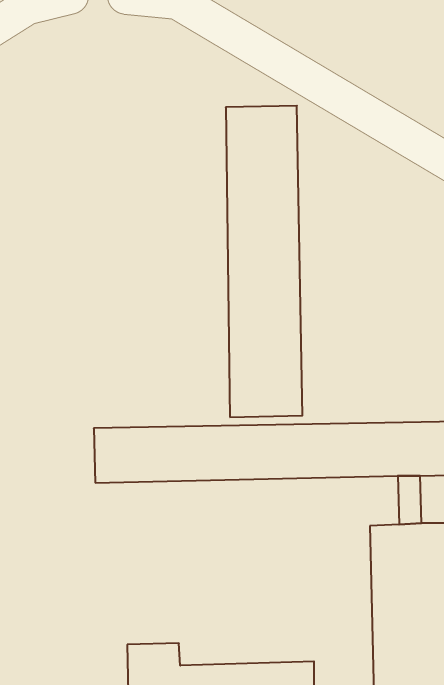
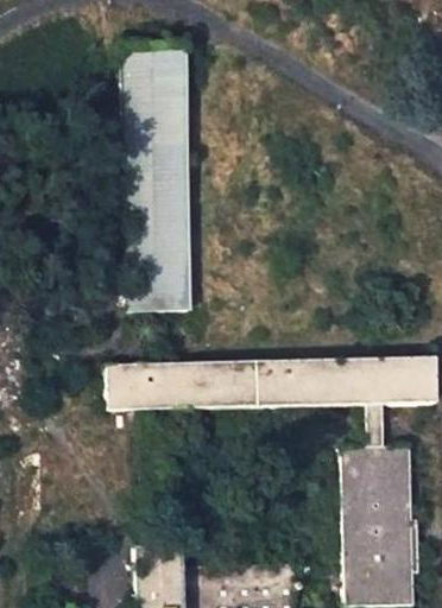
building: [226,106,302,417] -> [125,48,190,312]

